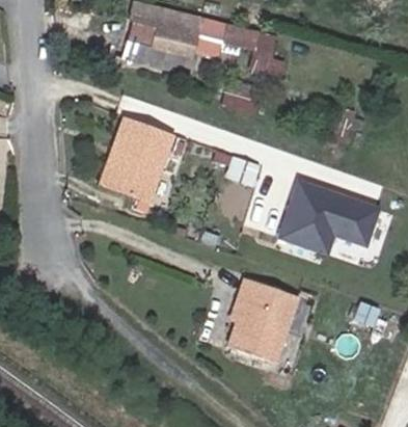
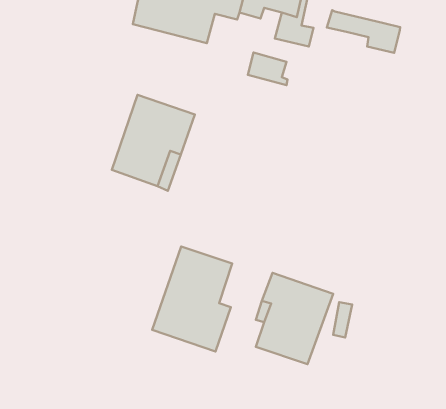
building: none -> [327,10,400,53]
building: [284,179,380,246] -> none
building: none -> [152,246,232,352]

